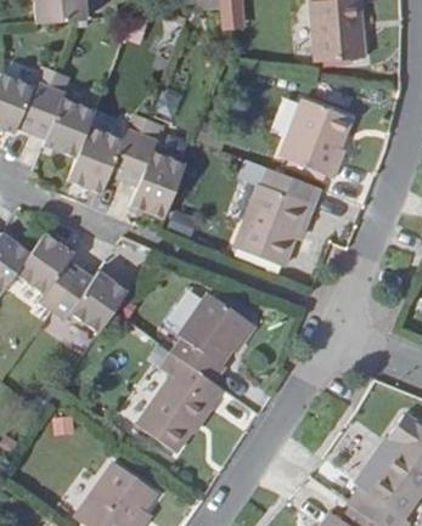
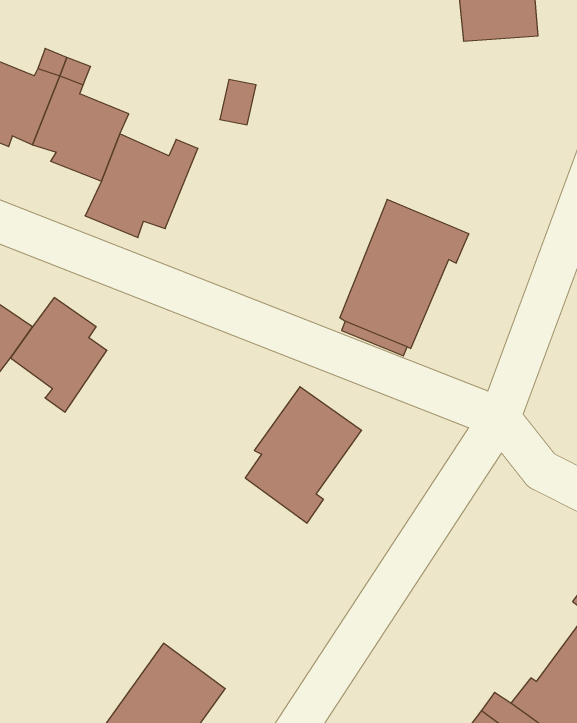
building: [282,100,354,180] -> none
building: [119,134,185,219] -> none
building: [52,268,126,332] -> none
building: [141,351,225,453] -> none

